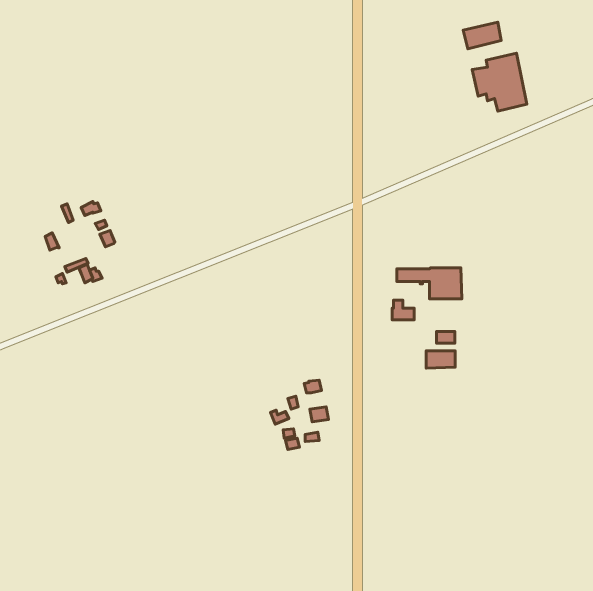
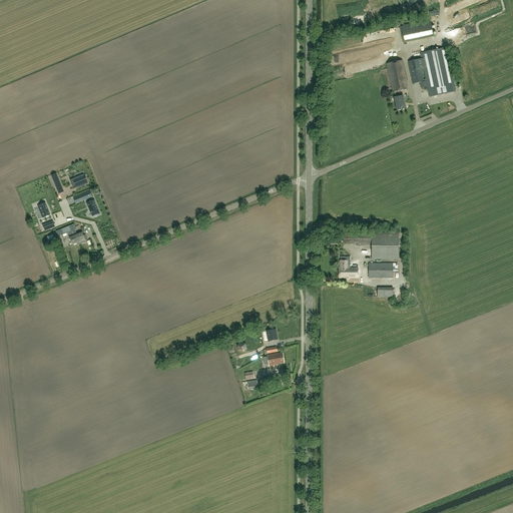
building: none -> [387,59,408,109]
building: [426,351,455,368] -> [368,263,393,278]

